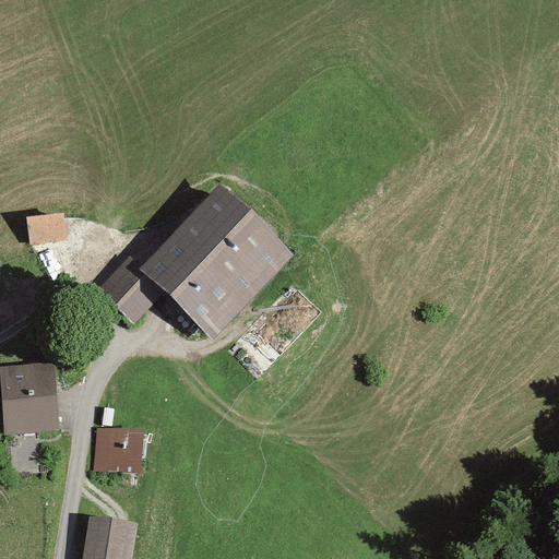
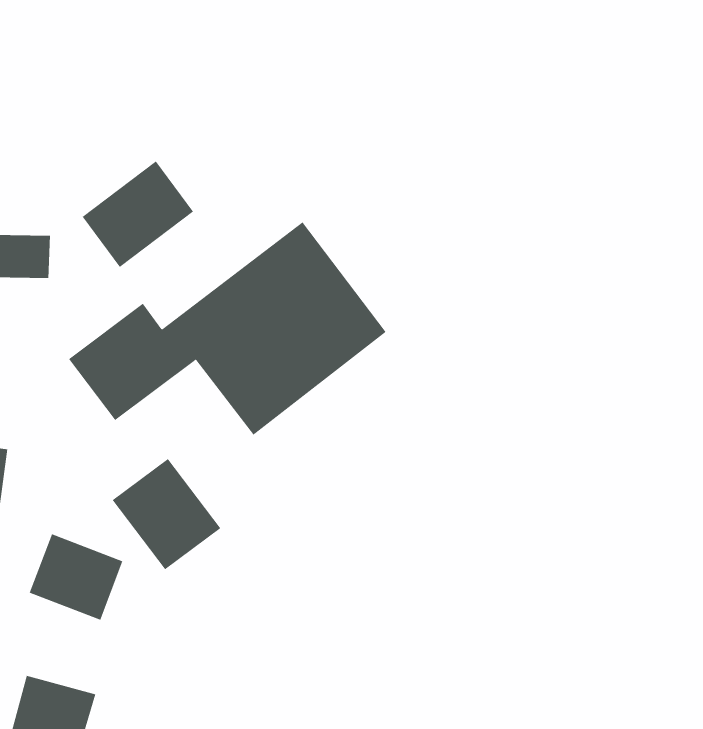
building: none -> [82,160,194,268]
building: none -> [112,458,221,570]

